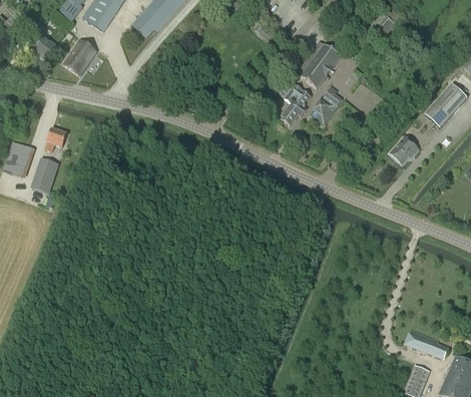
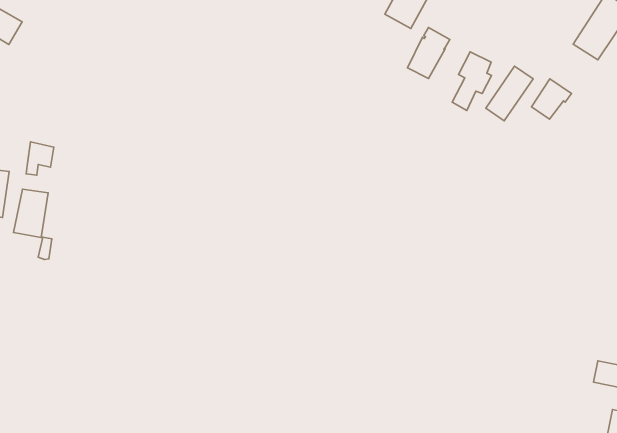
building: [63,39,96,74] -> none
building: [281,86,311,125] -> [452,52,492,111]
building: none -> [486,66,533,121]

